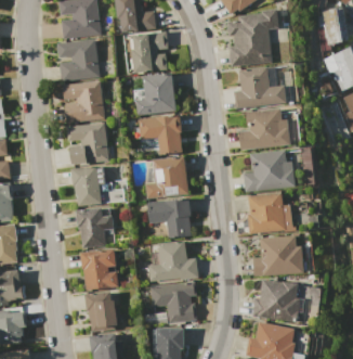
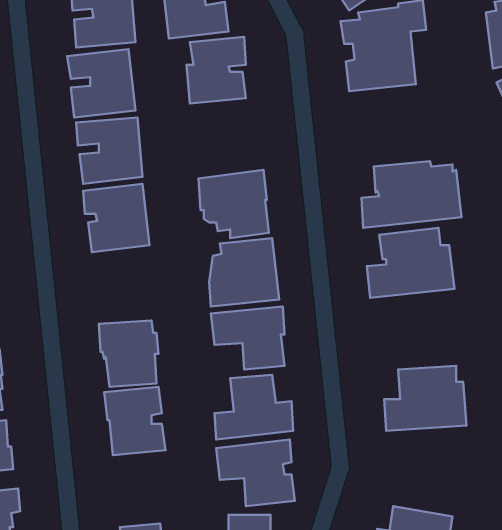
building: [234,67,288,108] -> none
building: [133,73,175,115] -> none
building: [71,165,125,206] -> none
building: [247,192,297,234] -> none
building: [252,279,303,322] -> none
building: [86,291,118,331] -> none

